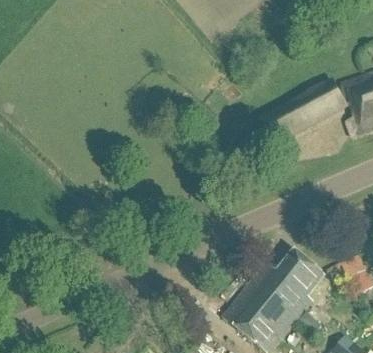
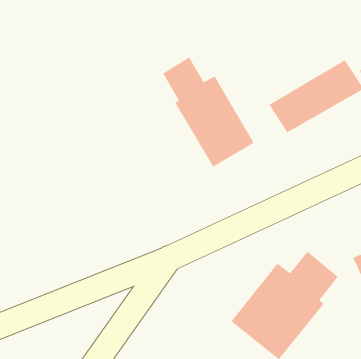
building: none -> [162,57,255,168]

